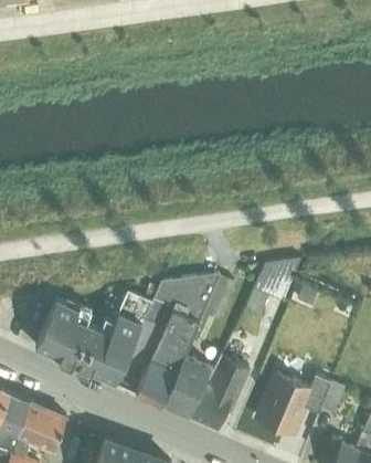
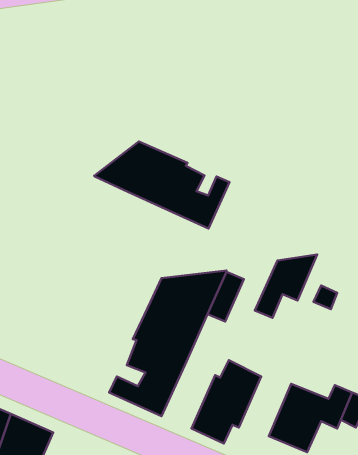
building: none -> [94,142,229,228]
building: [35,290,151,382] -> none
building: [161,355,209,414] -> none

